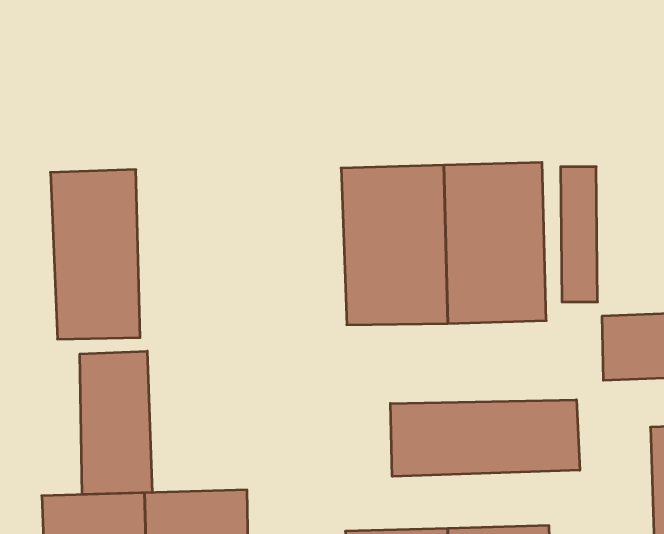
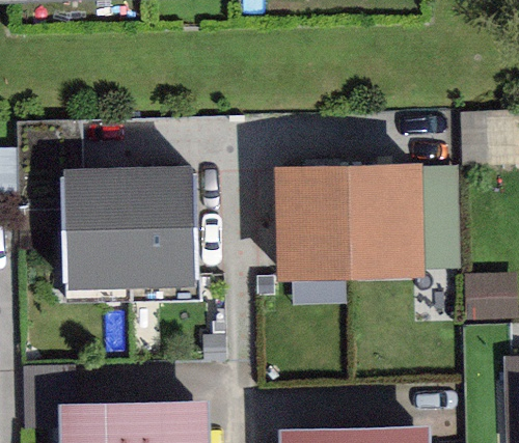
building: none -> [126,165,194,289]
building: [80,351,152,494] -> none
building: [390,400,580,476] -> none

